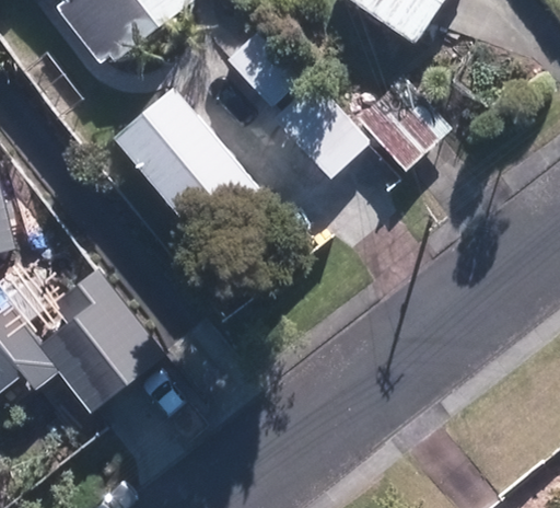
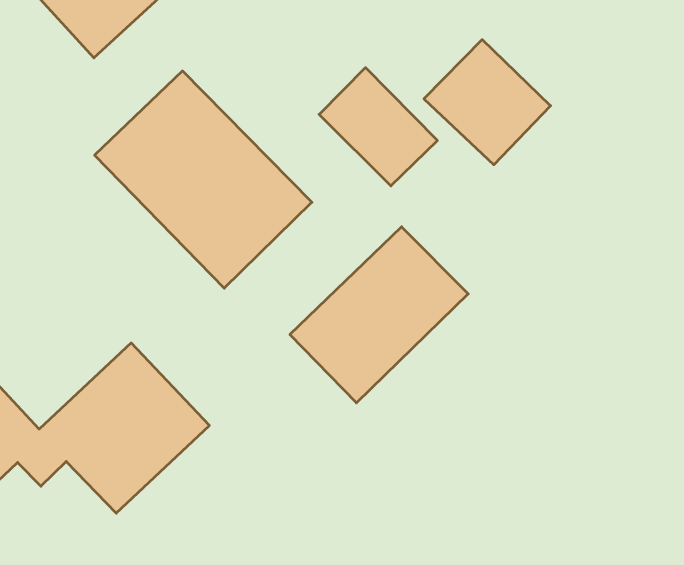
building: none -> [290,227,468,403]

